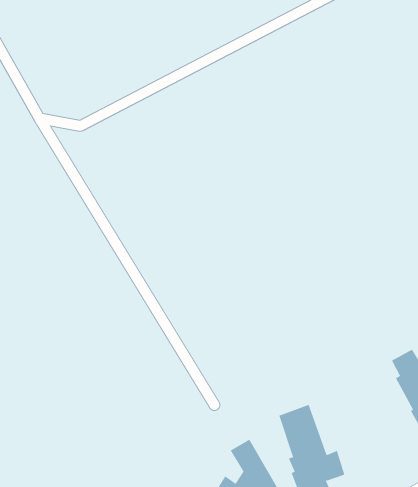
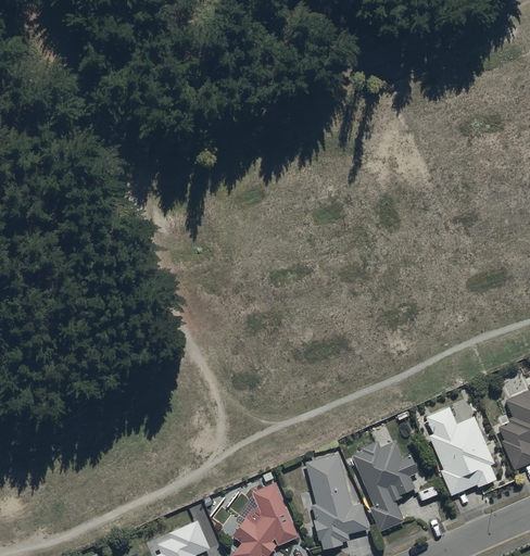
building: none -> [353,441,419,531]

